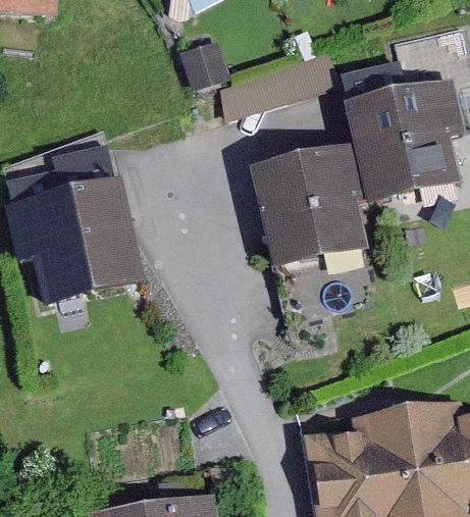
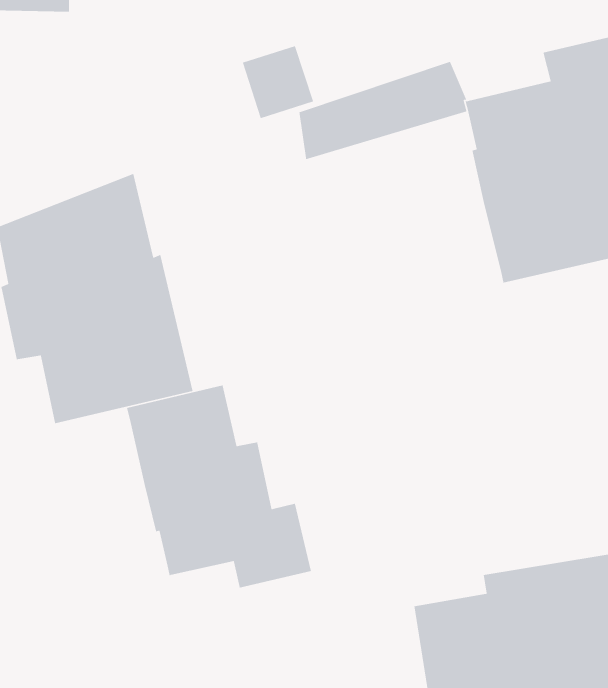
building: [249,148,377,316] -> none
building: none -> [126,384,312,588]

